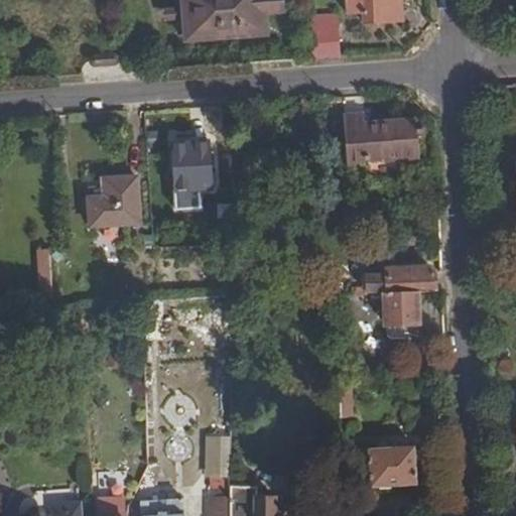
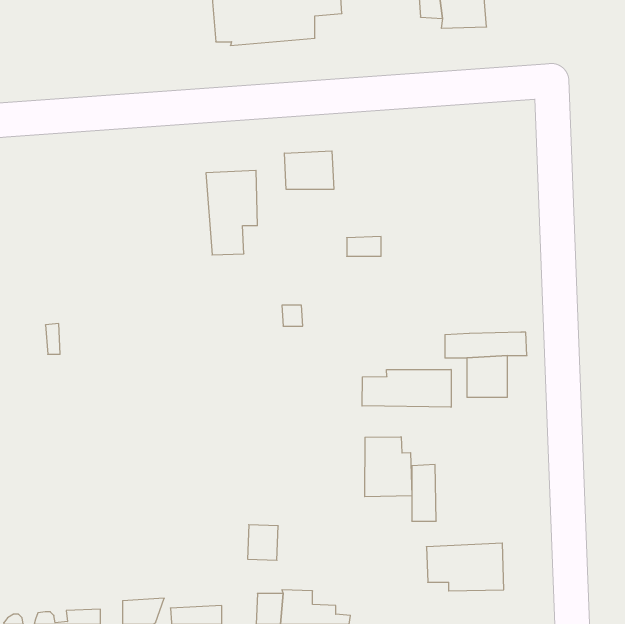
building: [309,15,339,58] -> none
building: [344,118,418,163] -> none
building: none -> [284,151,334,189]
building: [89,175,140,224] -> none
building: none -> [362,369,451,407]
building: none -> [365,437,412,497]

